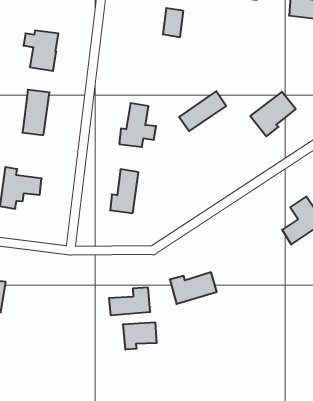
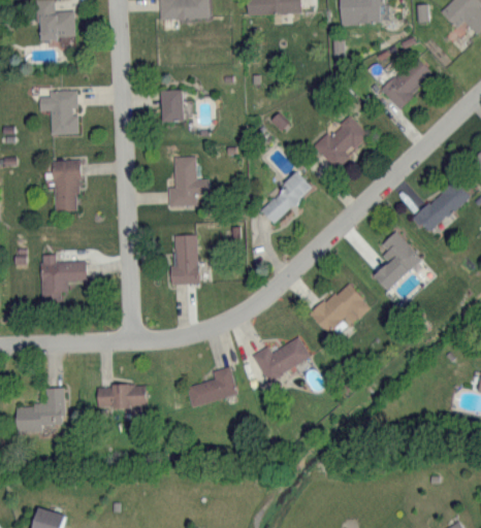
building: [163,8,183,37] -> [162,90,184,121]
building: [179,91,226,131] -> [260,172,313,224]
building: none -> [311,282,371,333]
building: none -> [97,385,147,407]
building: [123,322,157,350] -> none

